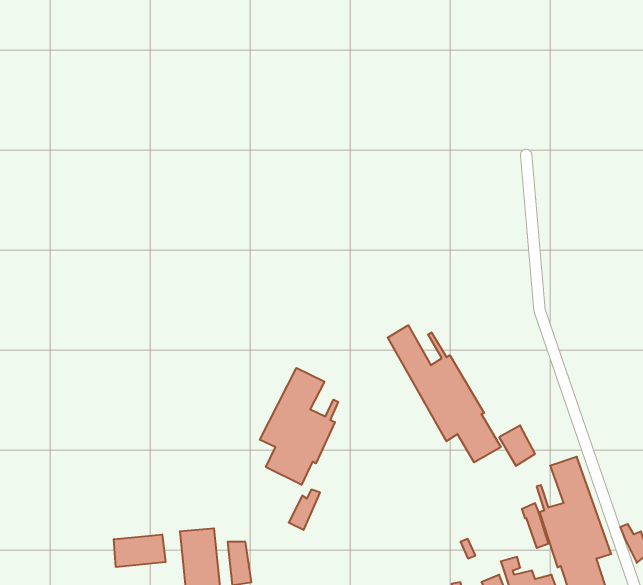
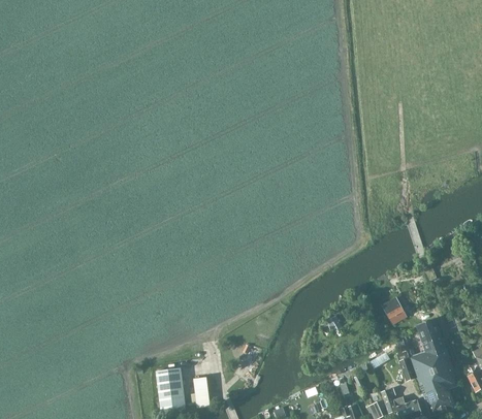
building: [388,325,501,462] -> none
building: [260,368,338,485] -> none
building: [114,534,165,567] -> none

